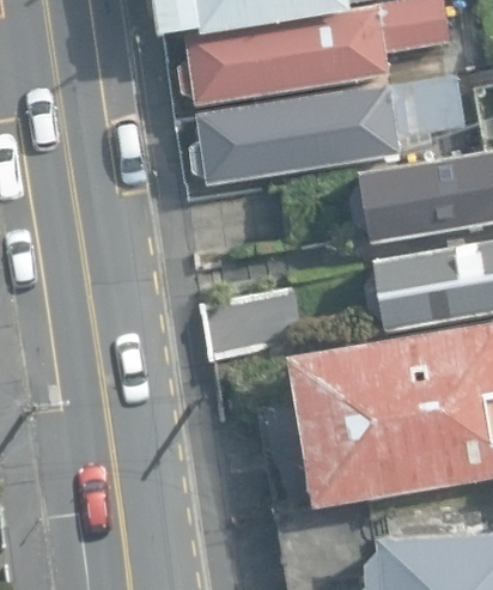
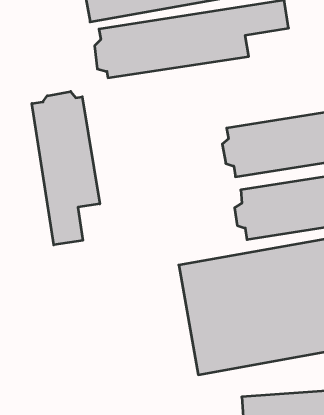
building: [191,78,455,182] -> none
building: none -> [32,91,100,245]

